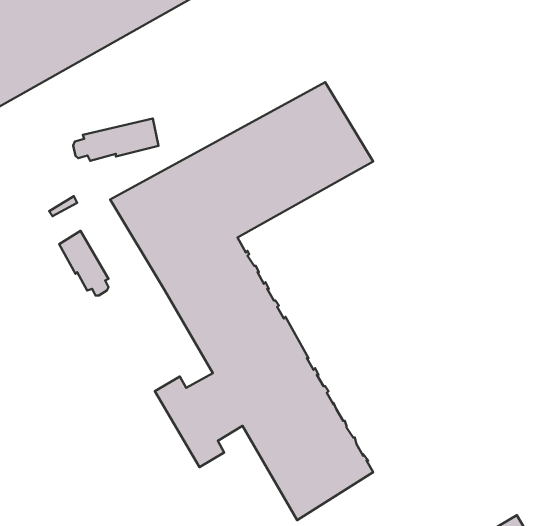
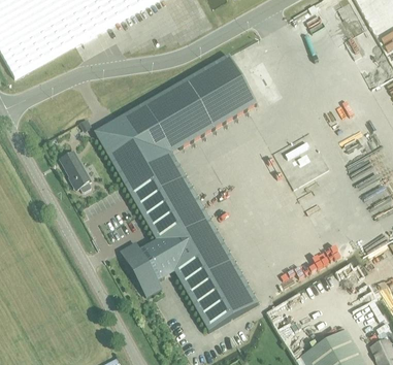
building: [73,119,159,161] -> none

